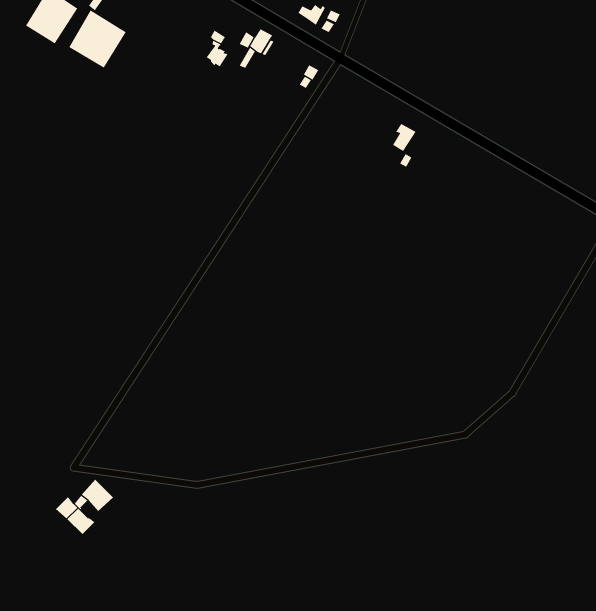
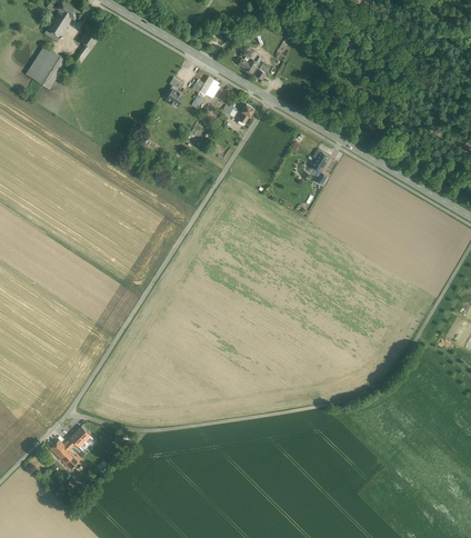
building: [69,10,126,68] -> none

